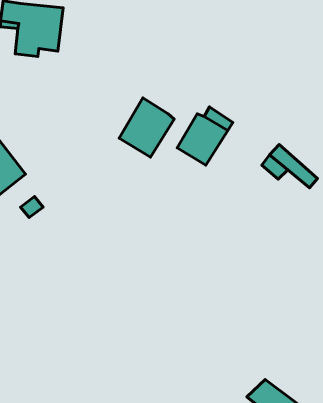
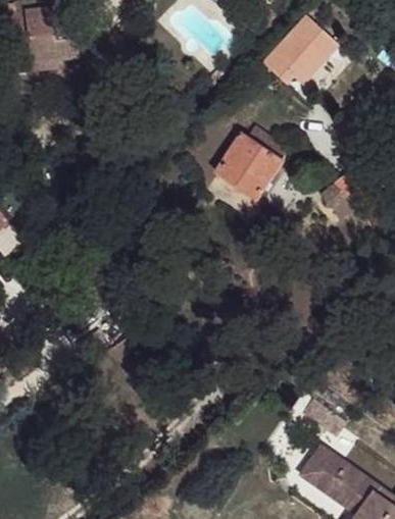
building: none -> [264,23,336,89]
building: [119,98,174,157] -> none

